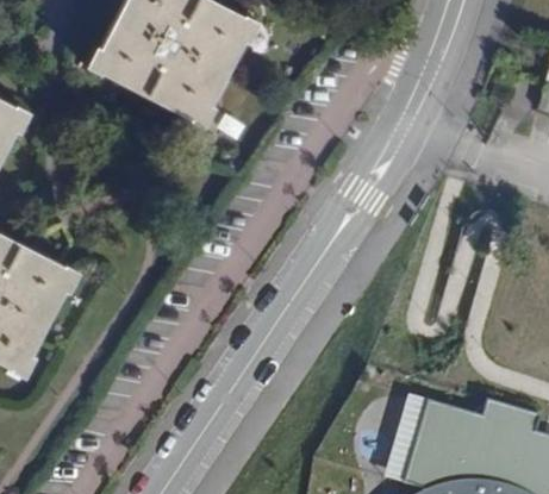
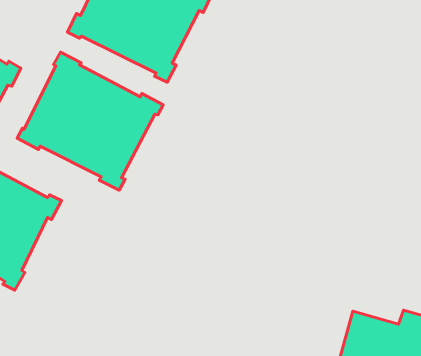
building: none -> [17,52,163,190]

